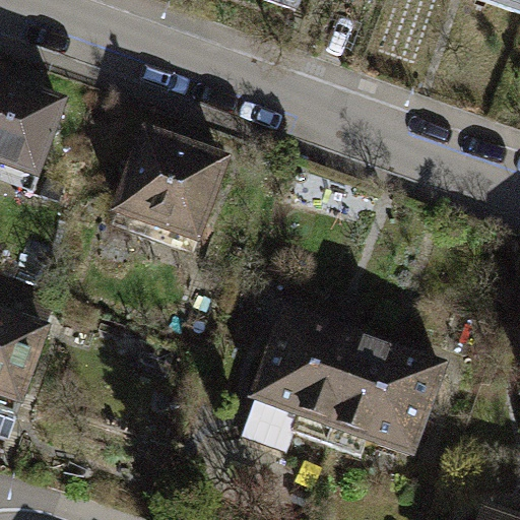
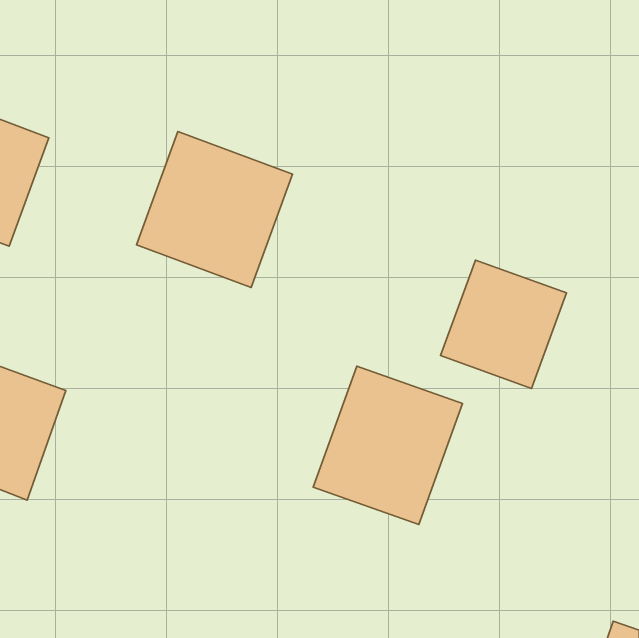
building: none -> [440,260,567,389]
building: [330,334,448,459] -> none

